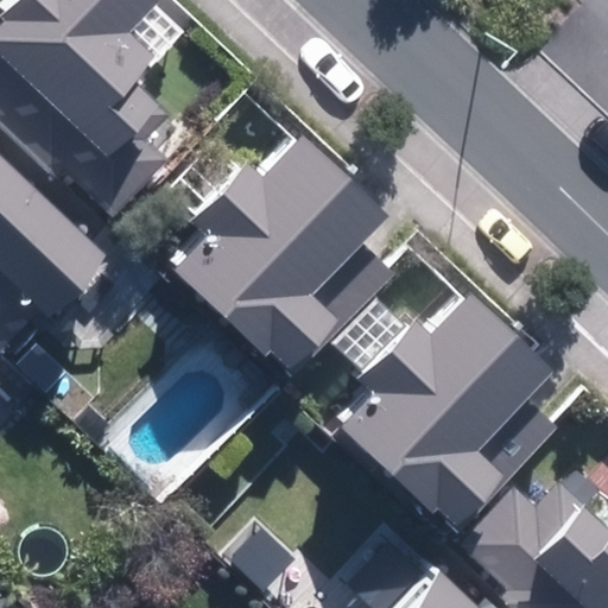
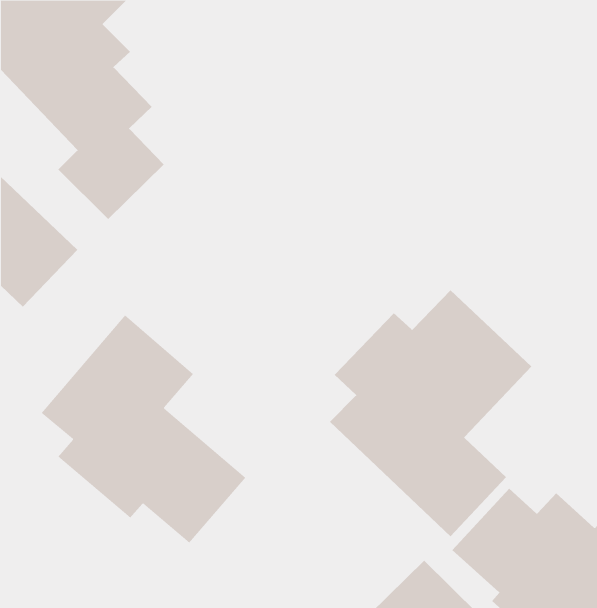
building: [180,129,386,375] -> none
building: none -> [41,315,246,543]

